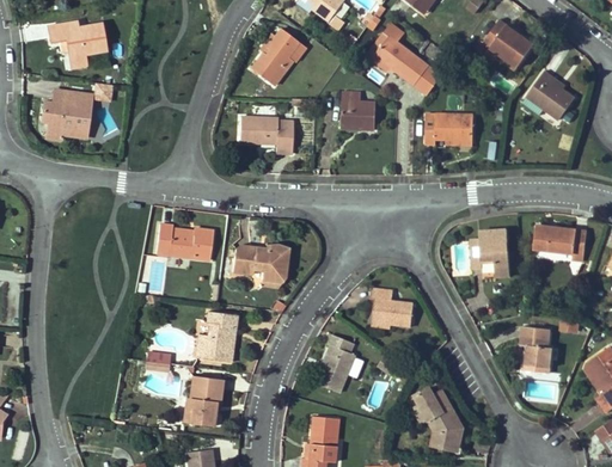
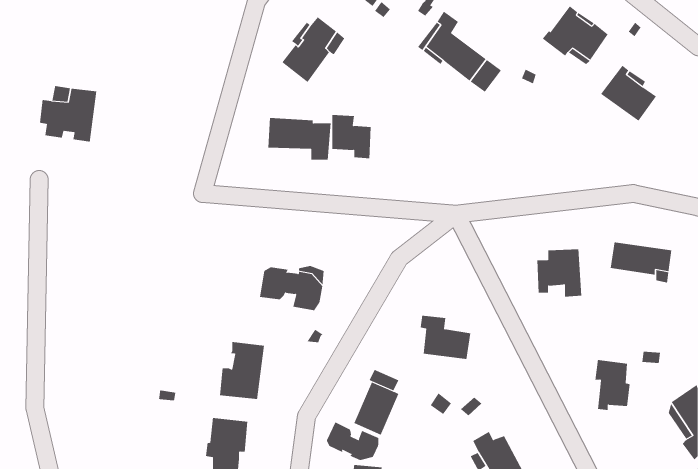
building: [48,21,105,67] -> none
building: [342,93,377,131] -> [331,114,372,159]
building: [426,115,473,146] -> none
building: [158,225,214,260] -> none
building: none -> [326,422,379,461]

